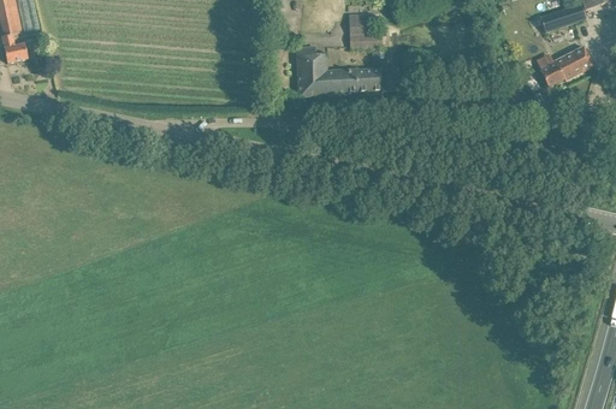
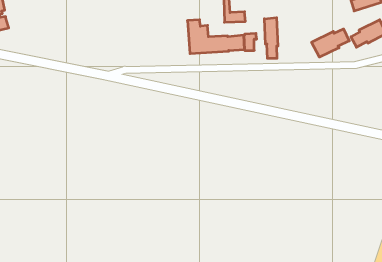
building: none -> [264,18,278,58]
building: none -> [312,29,349,57]

